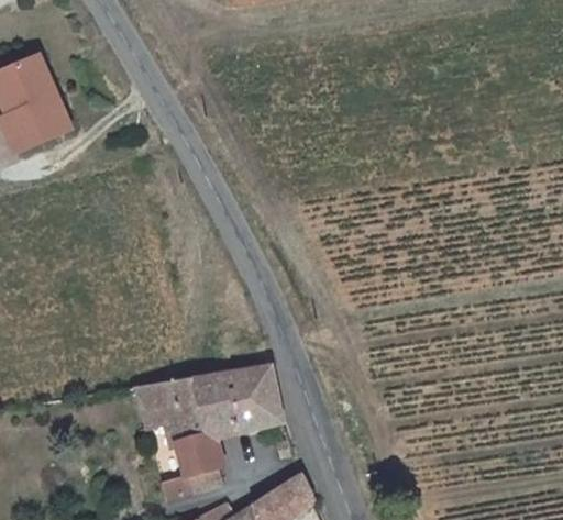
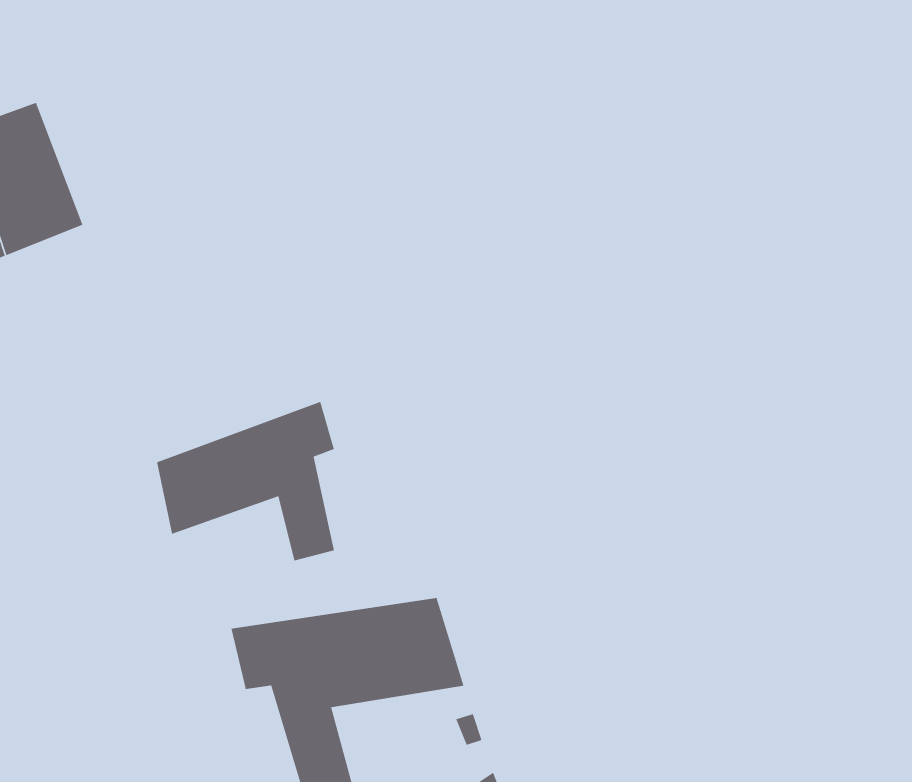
building: none -> [156,401,335,562]

